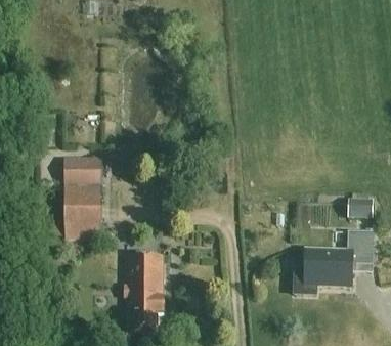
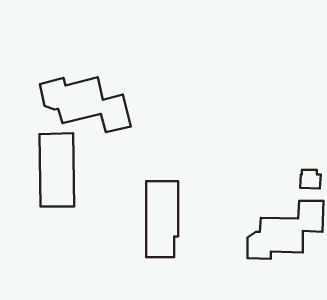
building: none -> [40,77,131,132]
building: [127,251,162,334] -> [146,181,178,257]

